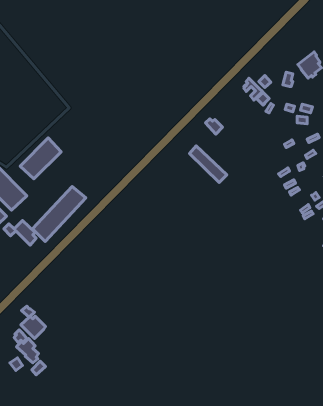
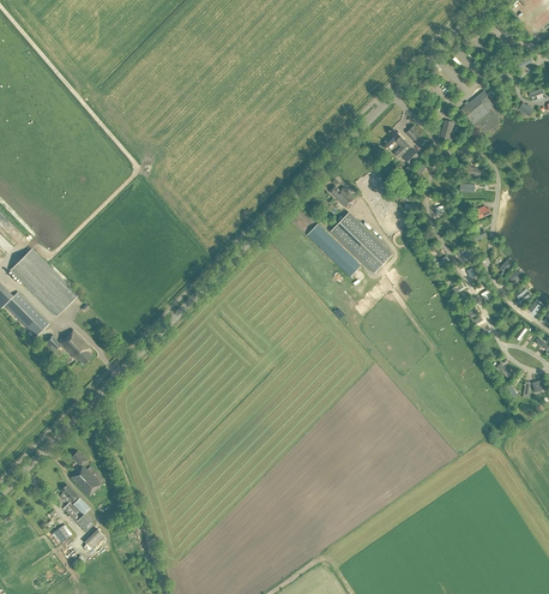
building: none -> [331,211,391,271]
building: [20,138,61,179] -> none
building: [33,186,86,242] -> none

